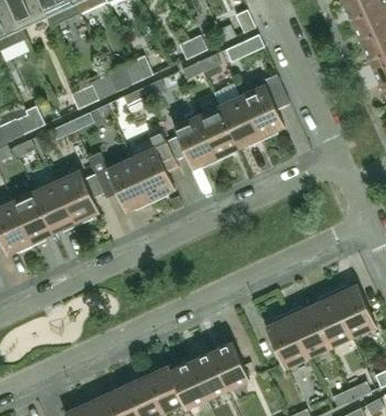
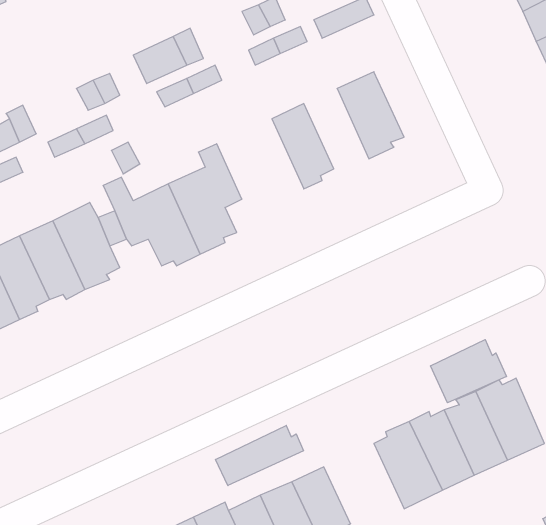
building: [219,95,262,147] -> none
building: [173,115,219,169] -> none
building: none -> [431,340,506,403]
building: none -> [216,425,303,486]

